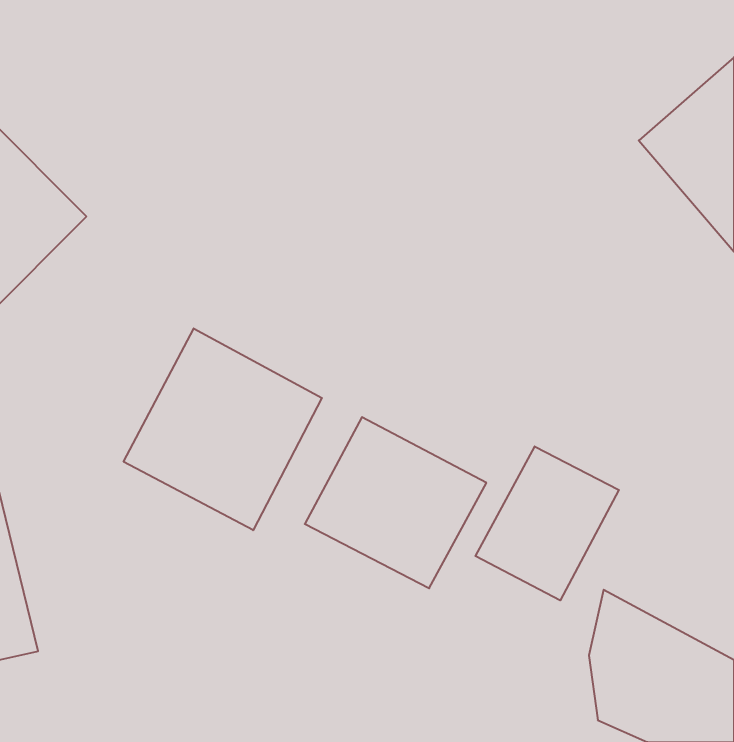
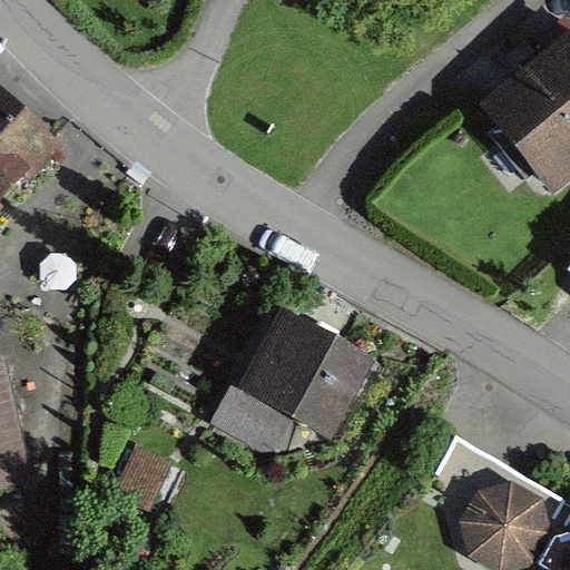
building: [124,328,322,530] -> none
building: [475,446,619,600] -> none

